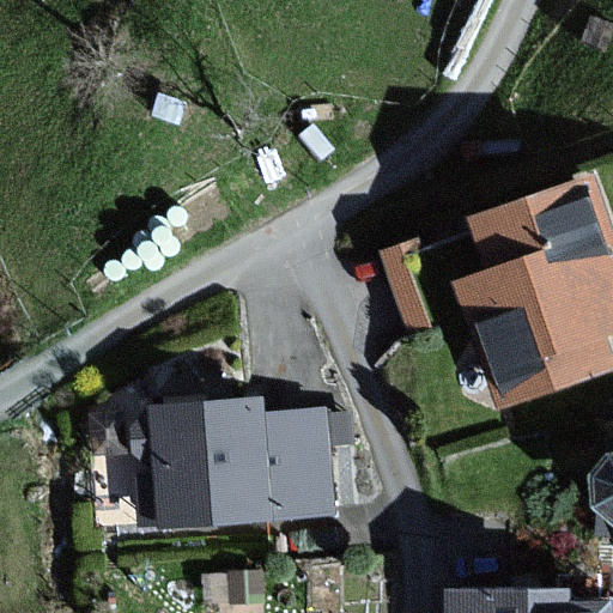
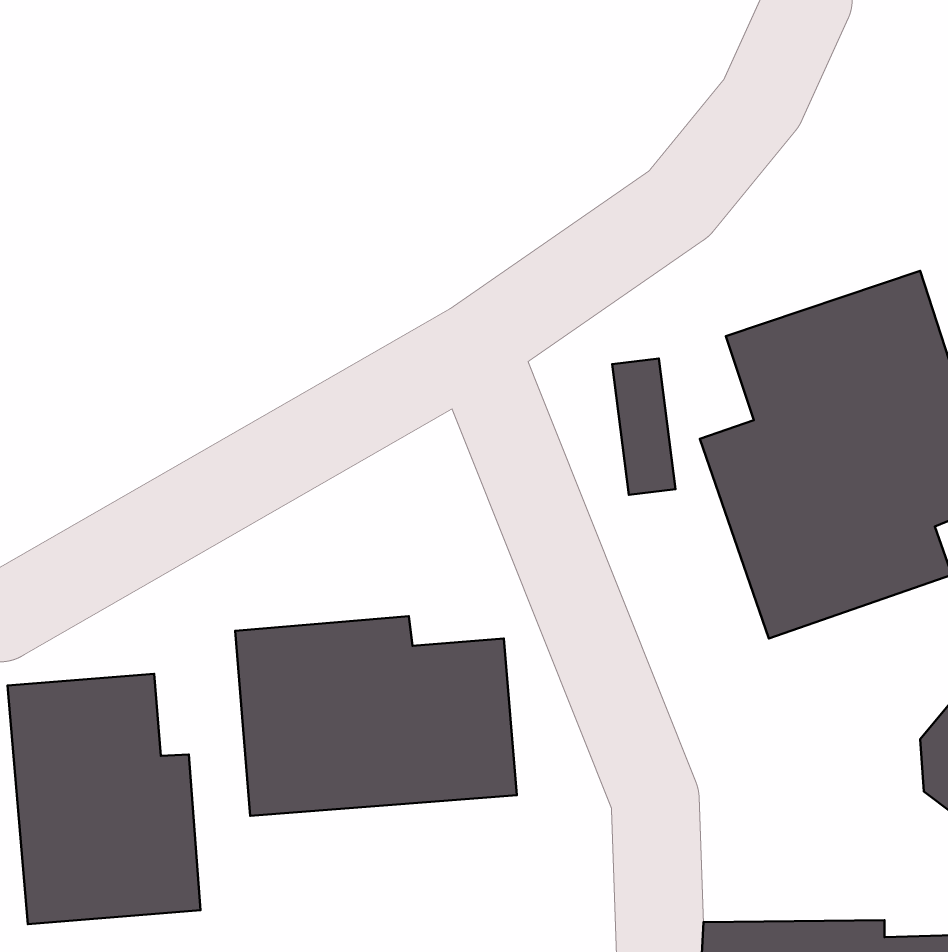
building: none -> [7,674,201,924]

